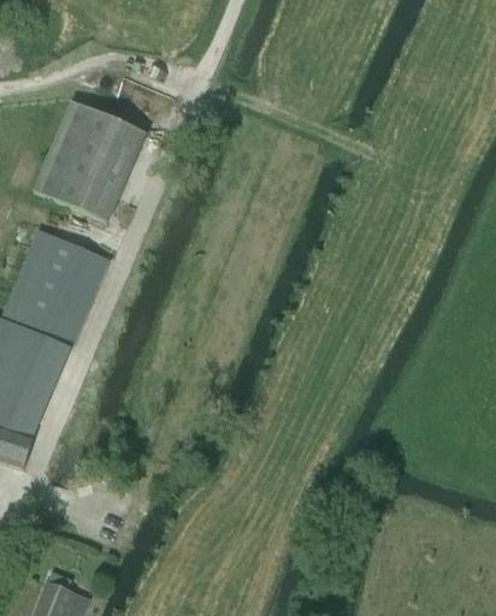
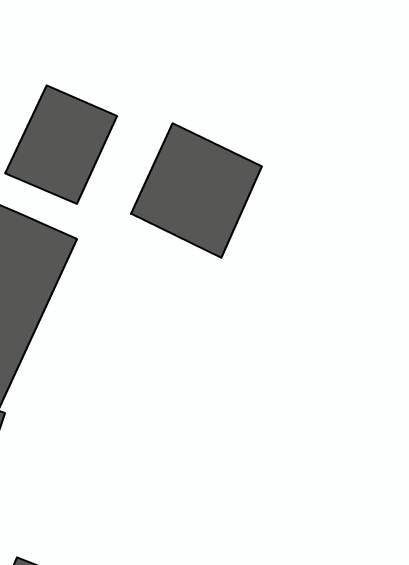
building: none -> [131,123,262,258]

